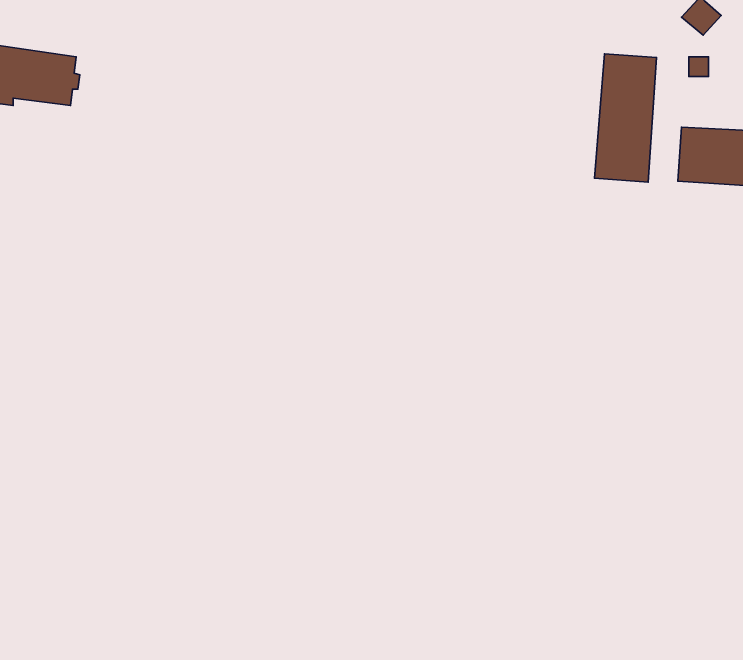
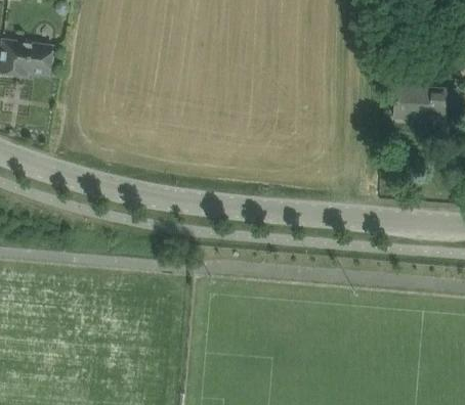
building: [595,54,657,182] -> none

